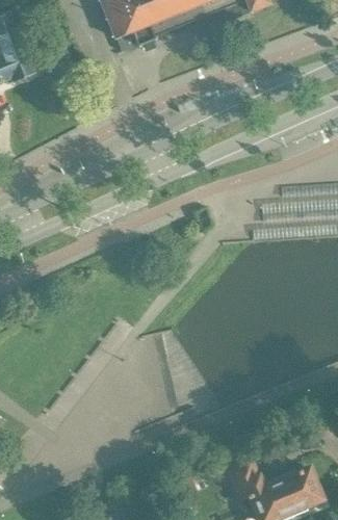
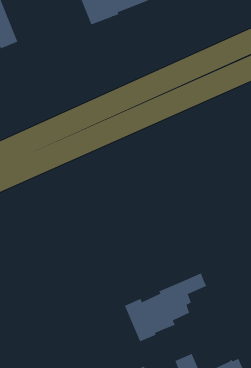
building: none -> [124,273,207,342]

